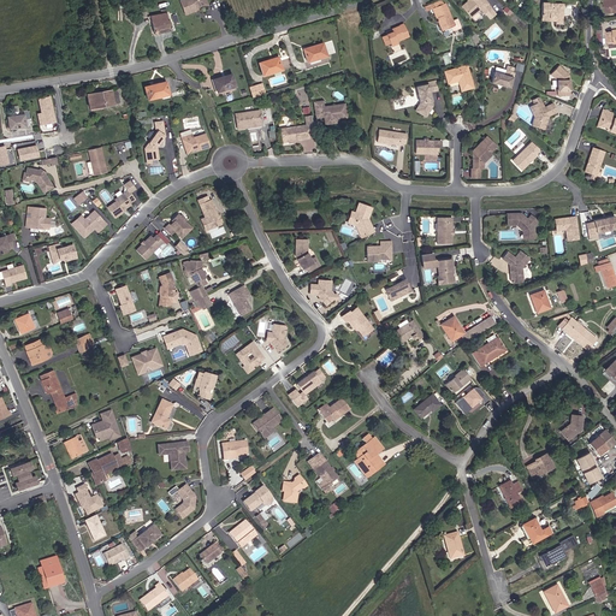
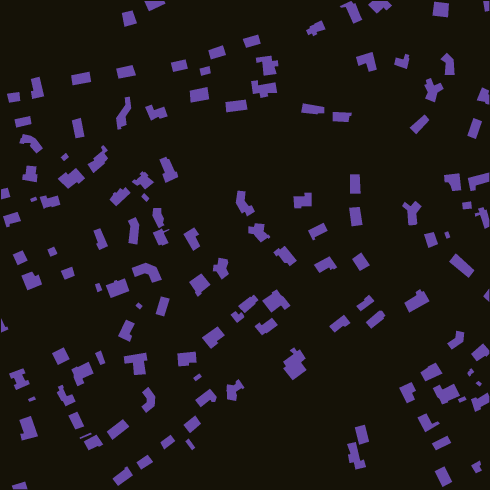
building: none -> [255,55,279,76]
building: [416,81,440,118] -> none
building: [470,136,498,178] -> none
building: [348,202,375,237] -> none
building: [508,212,539,239] -> none
building: [473,334,508,367] -> [403,288,431,314]
building: none -> [261,288,292,314]
building: [40,371,78,413] -> none
building: [93,410,122,443] -> none
building: [307,452,339,493] -> none
building: none -> [431,382,461,406]
building: none -> [346,441,367,470]
building: [40,556,66,590] -> [18,415,39,442]

